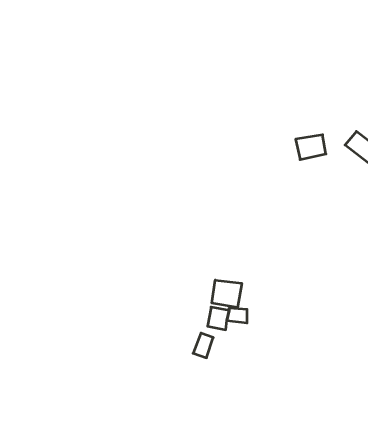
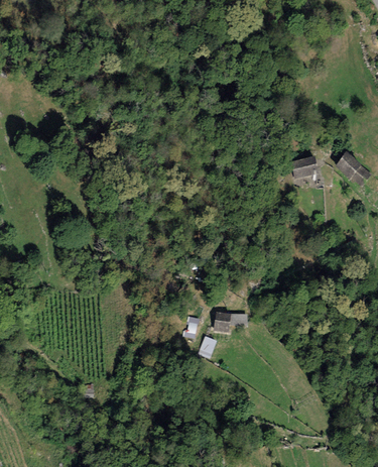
building: [212,280,242,308] -> none

